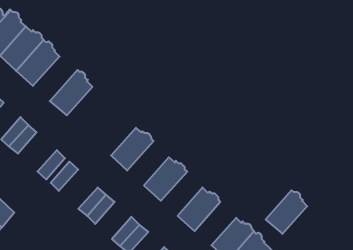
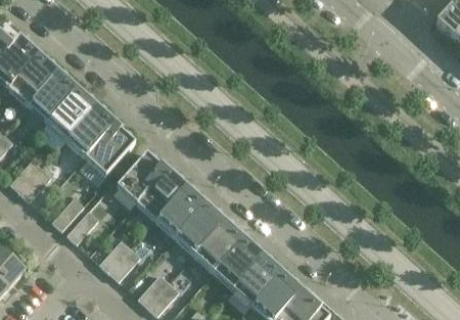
building: none -> [47,89,98,140]
building: none -> [86,124,137,175]
building: none -> [117,151,166,202]
building: none -> [155,186,203,237]
building: none -> [194,221,242,272]
building: [266,190,307,234] -> [233,256,281,306]

